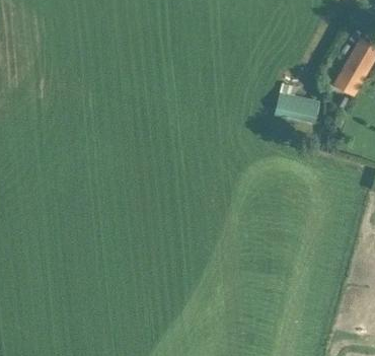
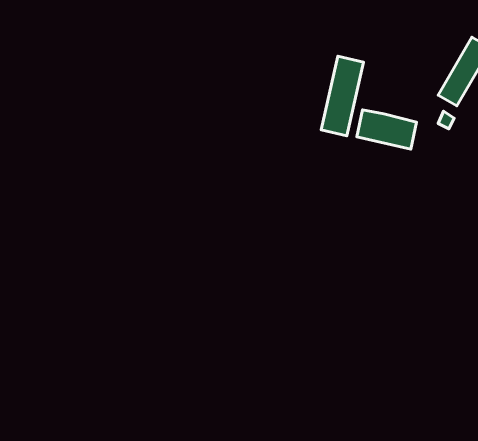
building: none -> [321,56,364,136]

